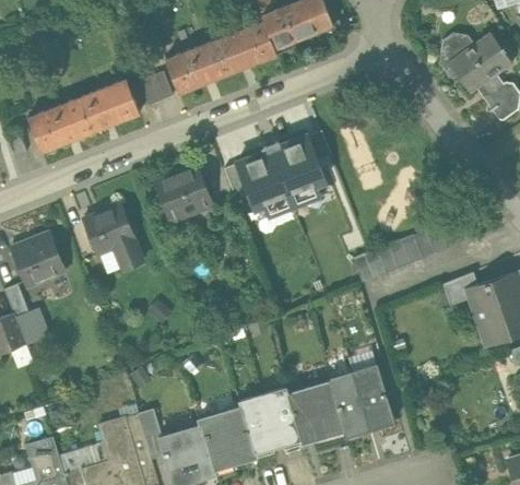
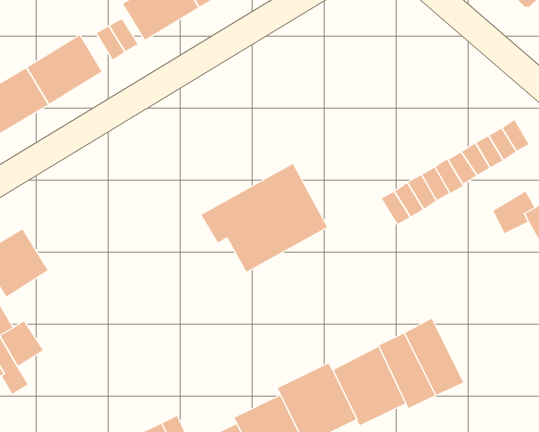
building: [224,133,328,217] -> [201,163,328,273]
building: [154,166,213,222] -> none
building: [82,204,142,269] -> none

